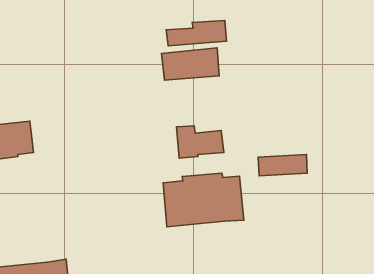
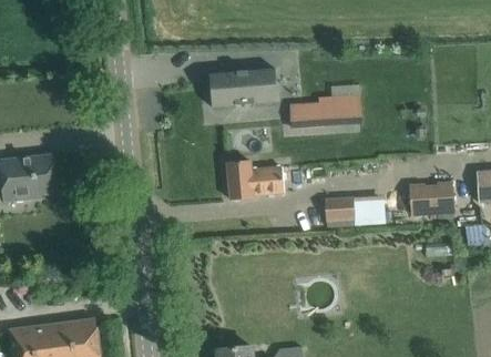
building: [166,21,227,46] -> [290,96,362,126]
building: none -> [409,183,453,215]
building: [163,173,244,227] -> none

